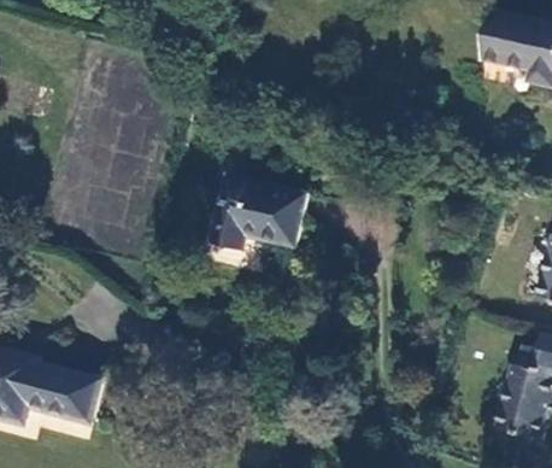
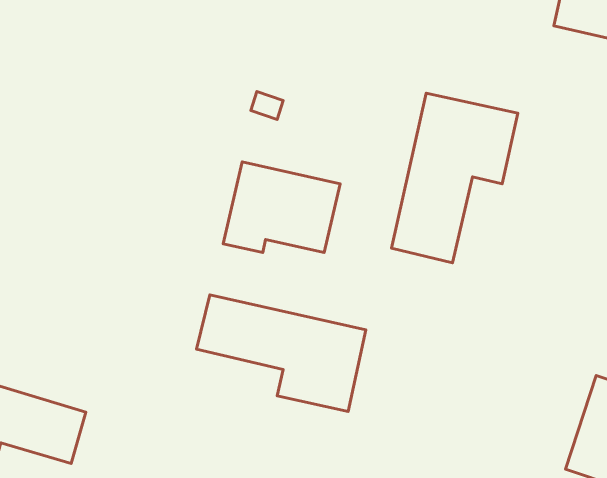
building: none -> [391,93,518,263]
building: none -> [197,295,366,412]

